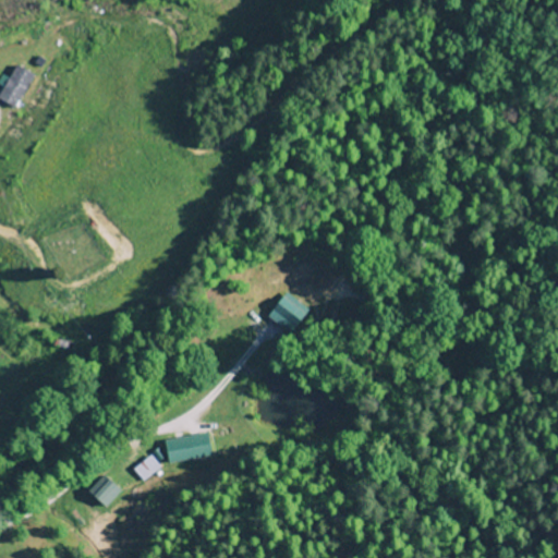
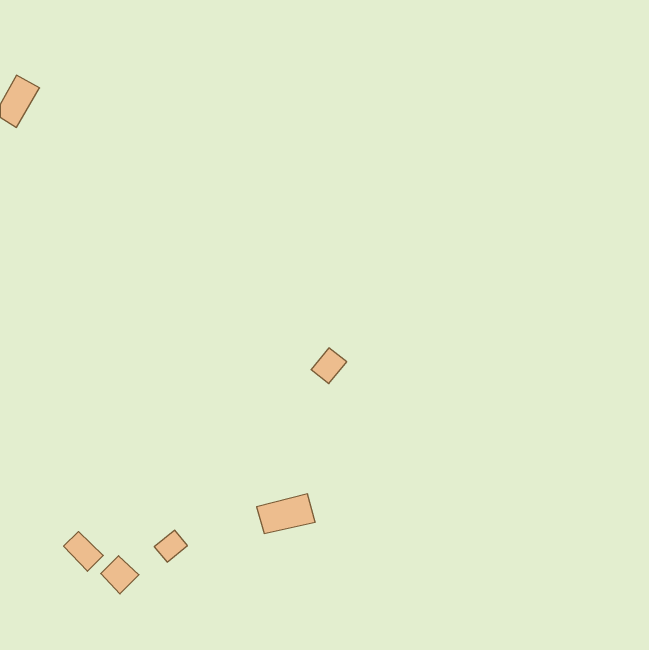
building: [163,429,214,463] -> [257,494,315,533]
building: none -> [64,532,103,571]

